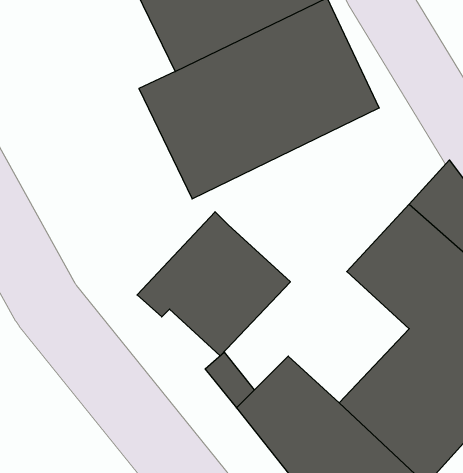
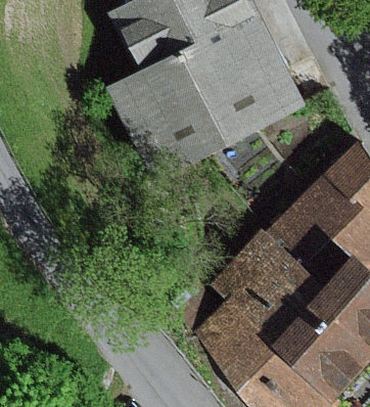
building: [137,212,290,356] -> [204,220,325,333]

